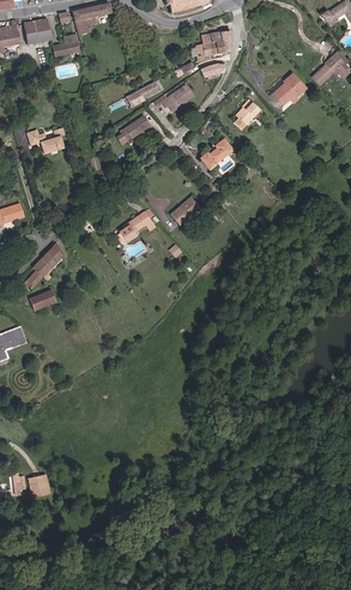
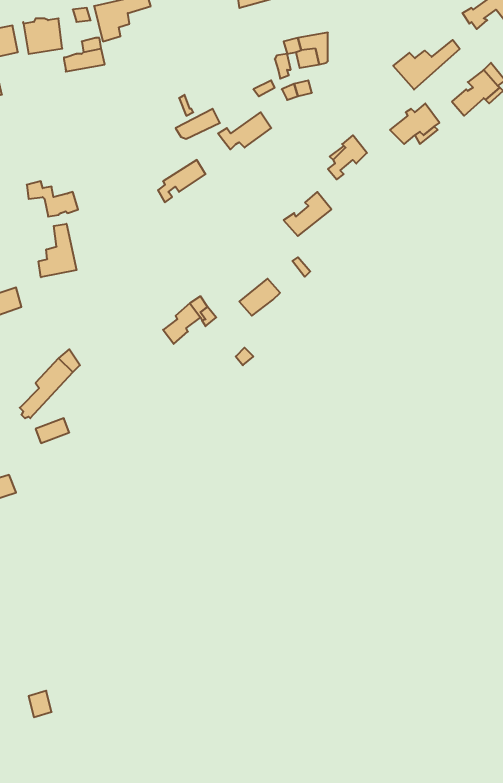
building: none -> [393,40,460,90]
building: none -> [39,224,77,277]

